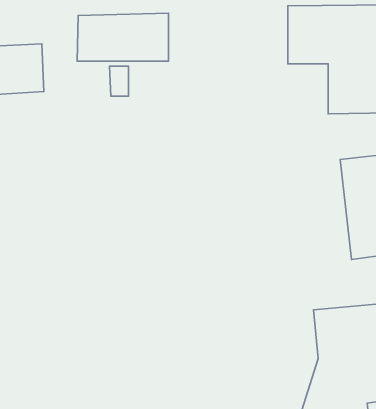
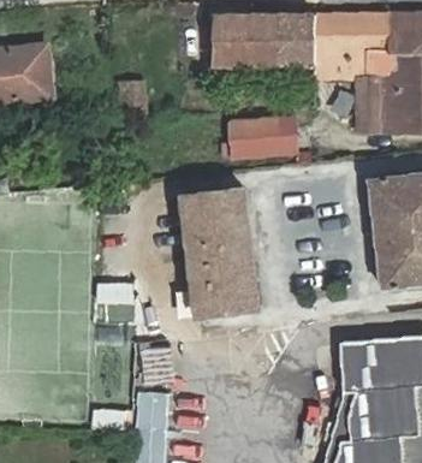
building: [77,13,168,61] -> [214,13,313,65]
building: none -> [231,119,296,156]
building: none -> [184,191,260,317]

